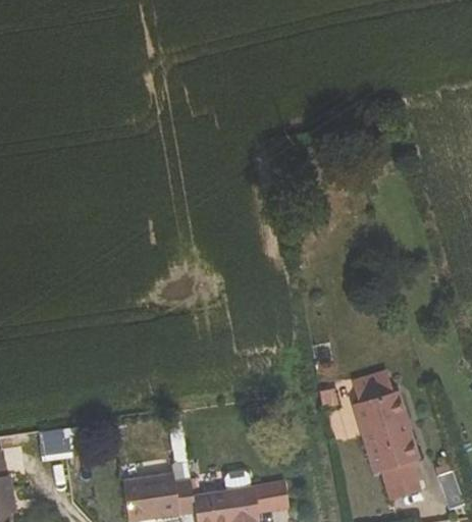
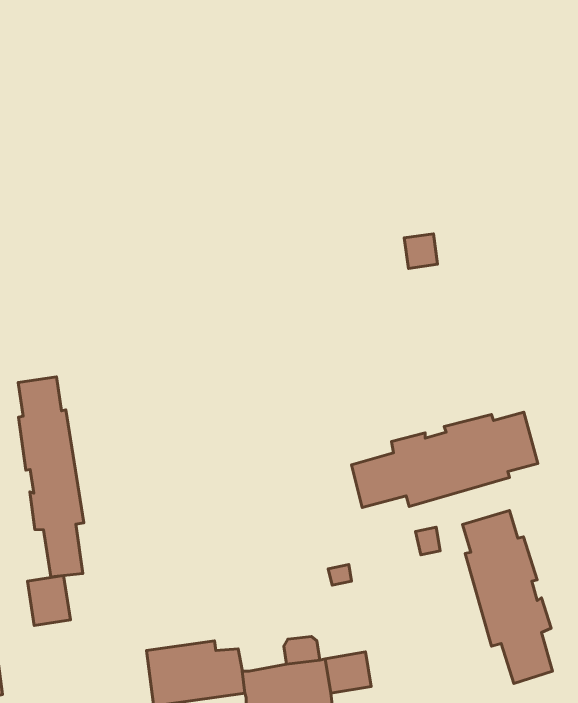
building: none -> [18,377,84,577]
building: none -> [351,412,538,507]

